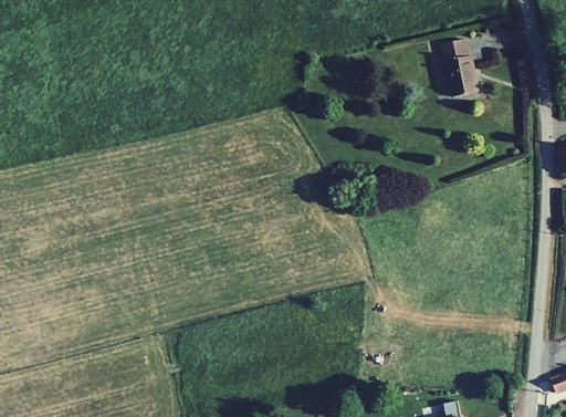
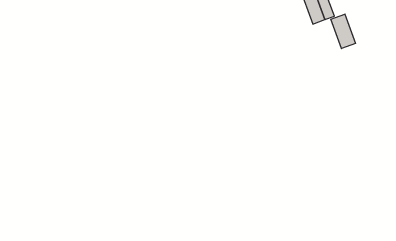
building: none -> [331,14,356,49]

